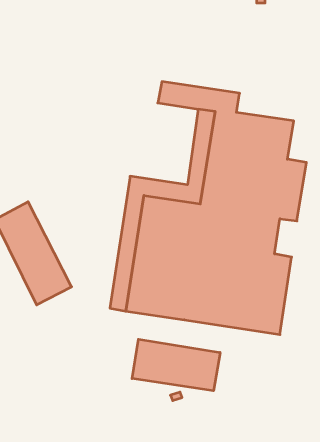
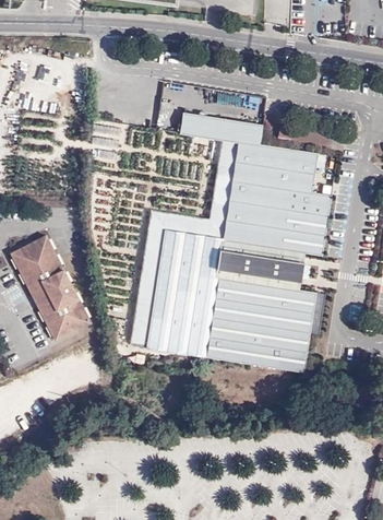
building: [132,339,220,391] -> none

